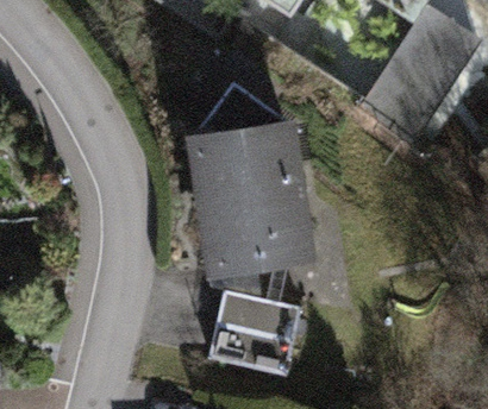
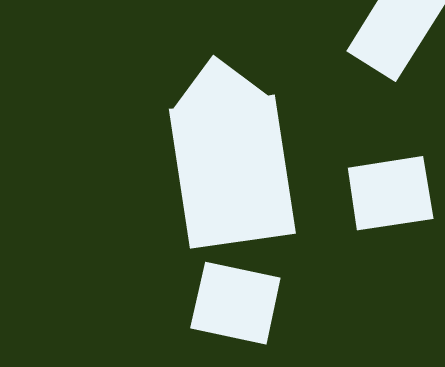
building: none -> [347,155,434,231]

